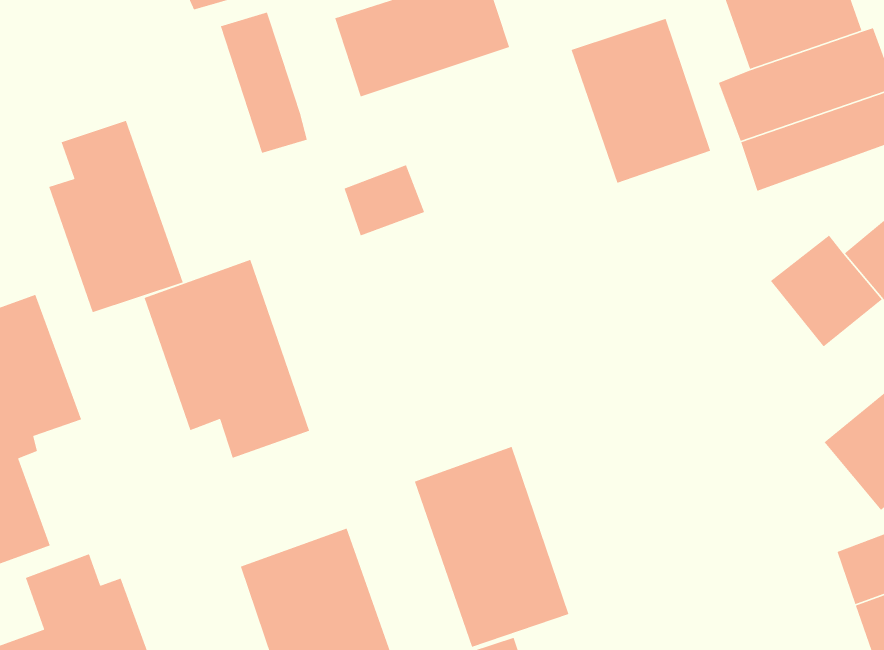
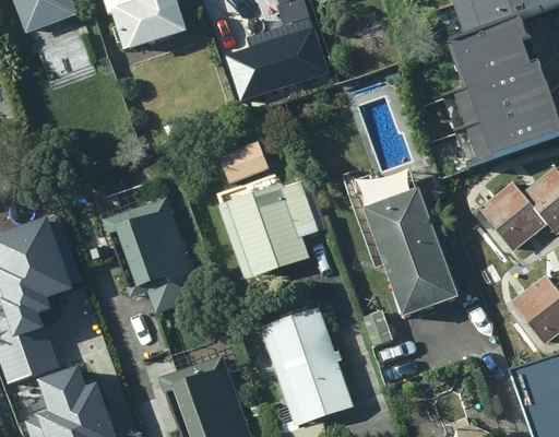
building: [220,11,308,154] -> none
building: [570,18,711,184] -> none
building: [48,120,184,313] -> none
building: none -> [354,169,467,321]
building: none -> [219,176,321,281]

